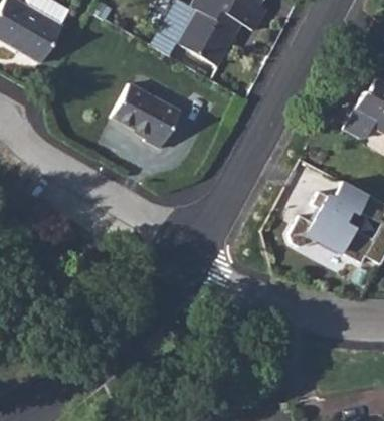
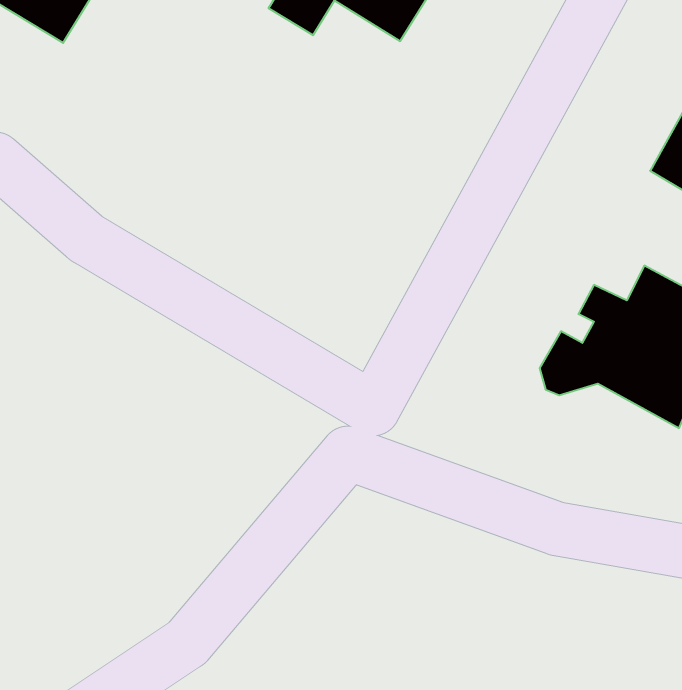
building: [114,83,181,148] -> none

